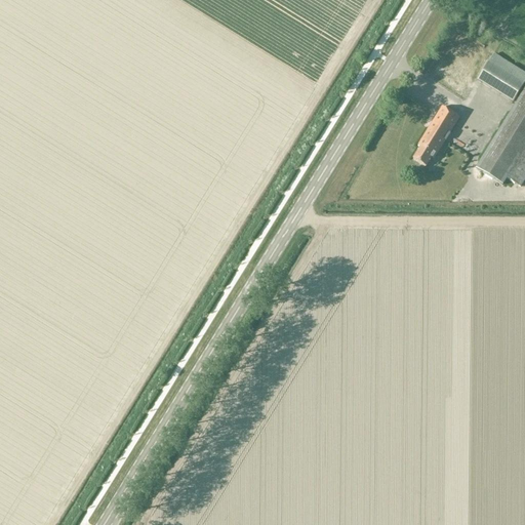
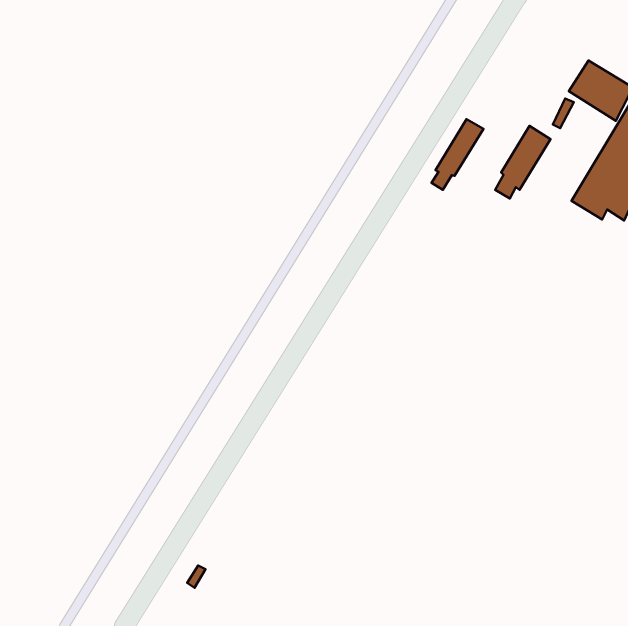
building: none -> [431,119,483,190]

